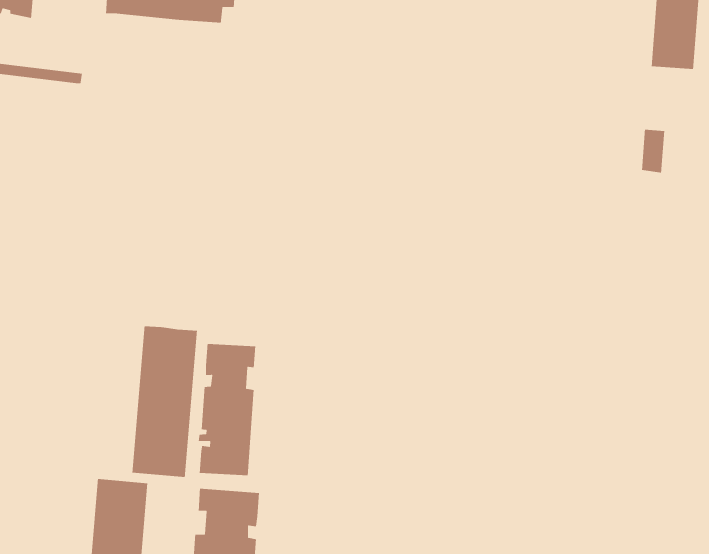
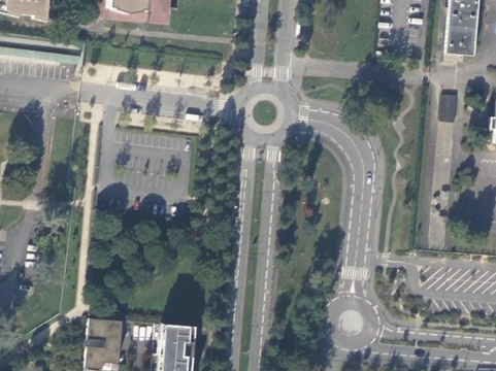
building: [132,325,198,478] -> none
building: [198,343,256,476] -> none

